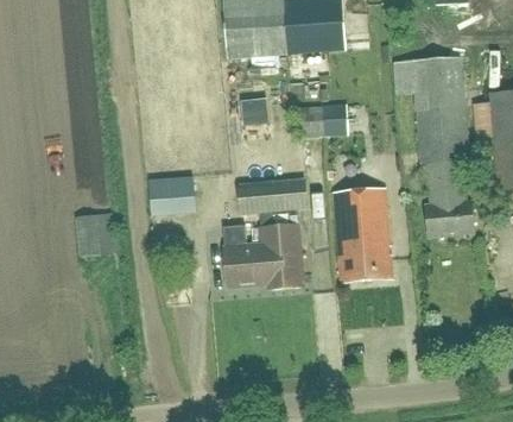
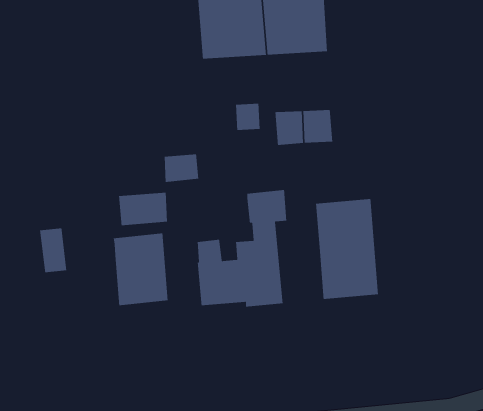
building: [394,53,474,235] -> none
building: [239,187,272,214] -> [164,154,199,183]
building: none -> [113,233,169,306]

